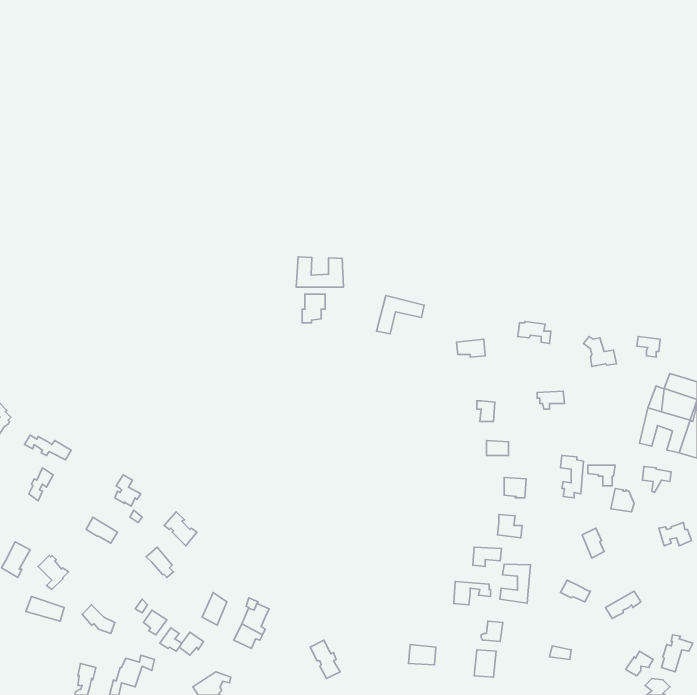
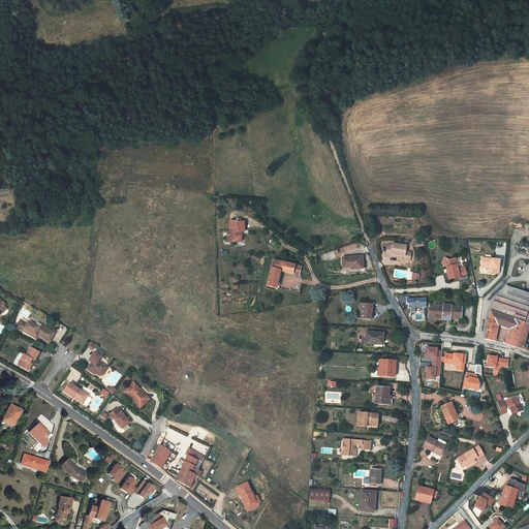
building: [296,257,344,287] -> none
building: [376,295,424,334] -> [268,258,304,287]
building: none -> [428,302,462,317]
building: [500,564,530,603] -> none

